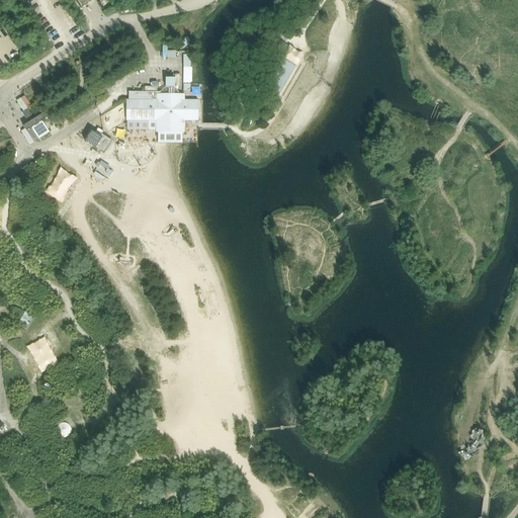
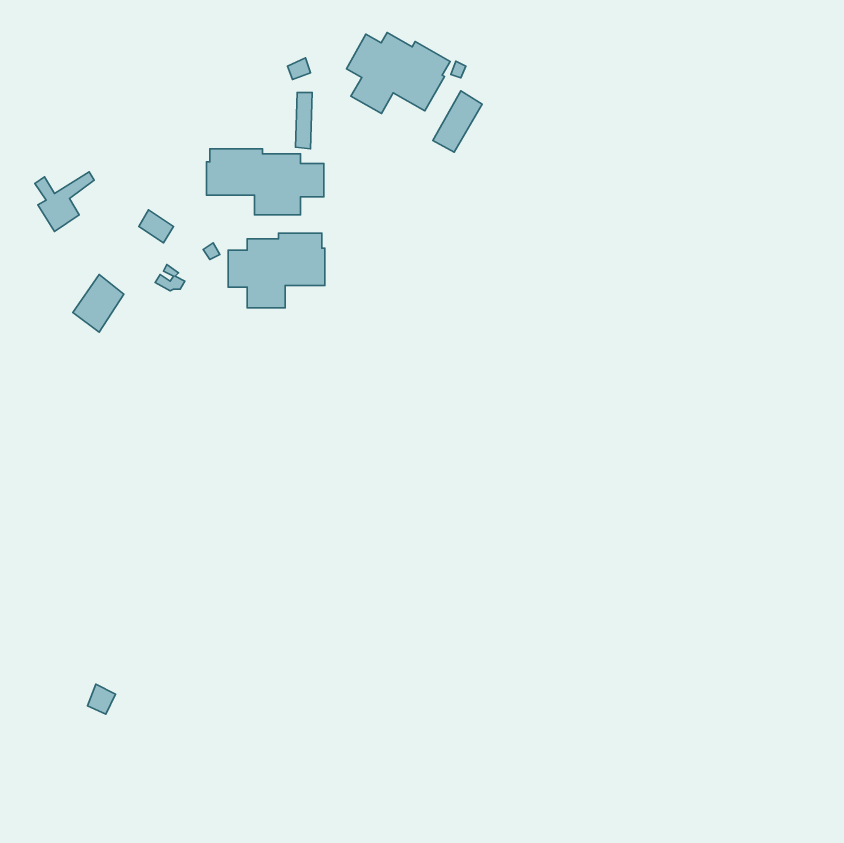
building: none -> [346,33,450,114]
building: none -> [228,233,325,308]

